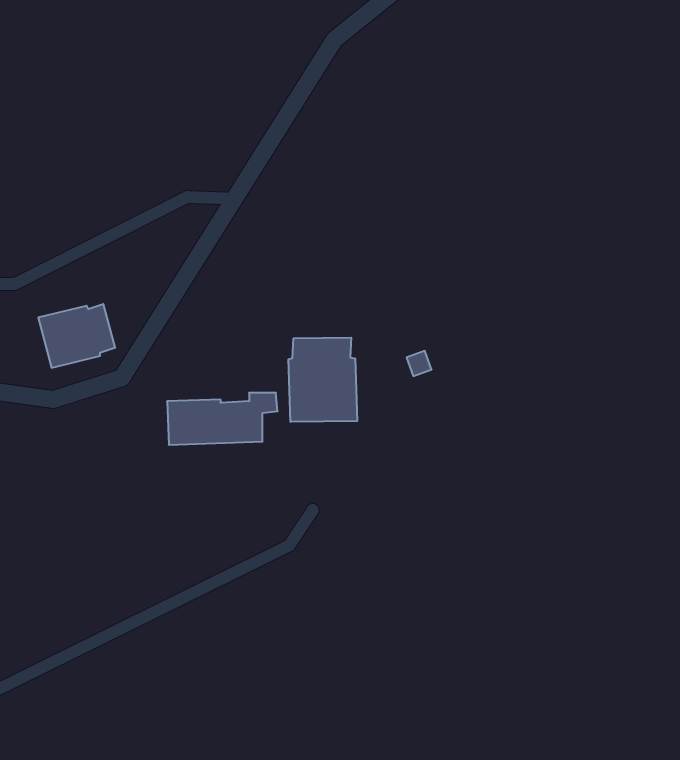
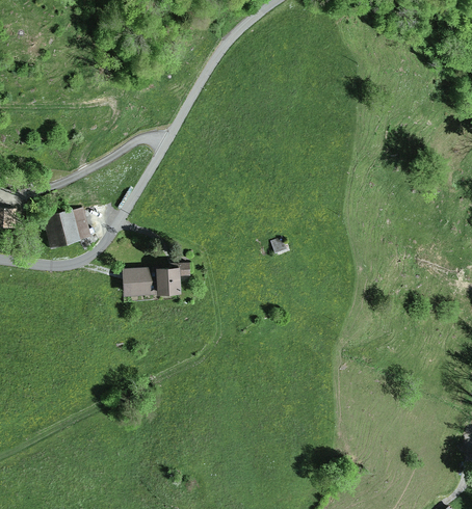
building: [288,338,357,422] -> none

